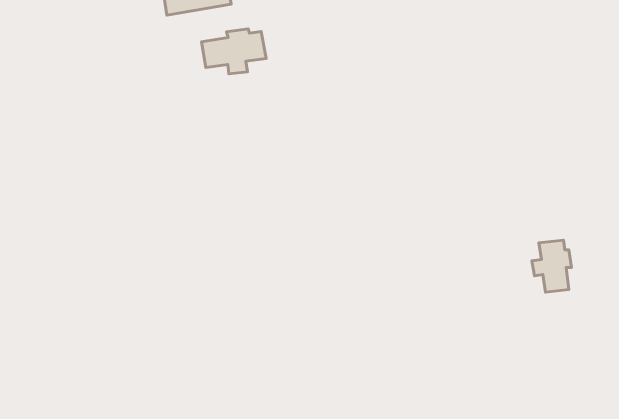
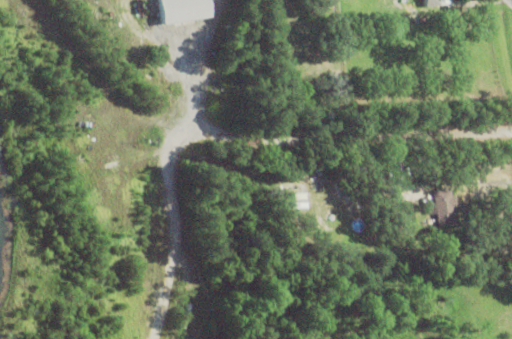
building: [202,29,266,74] -> none

